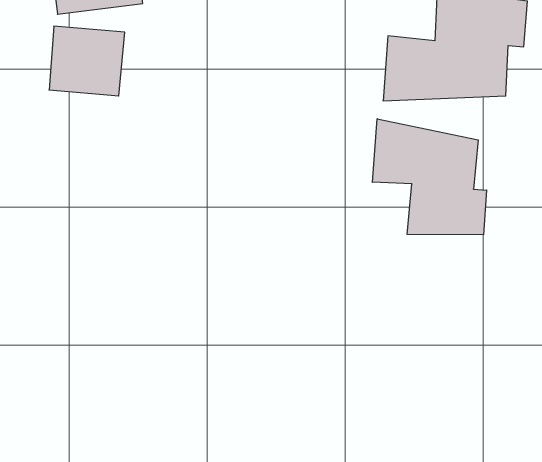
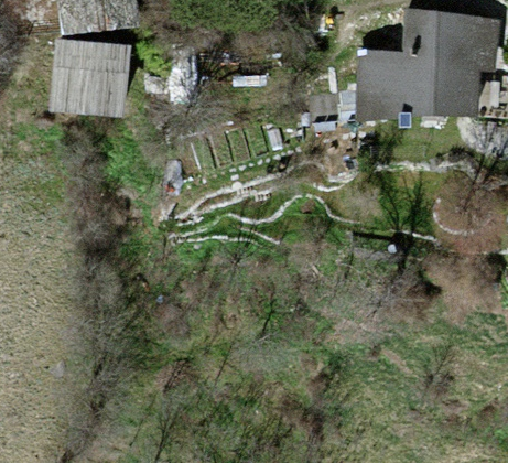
building: [372,119,487,235] -> none

